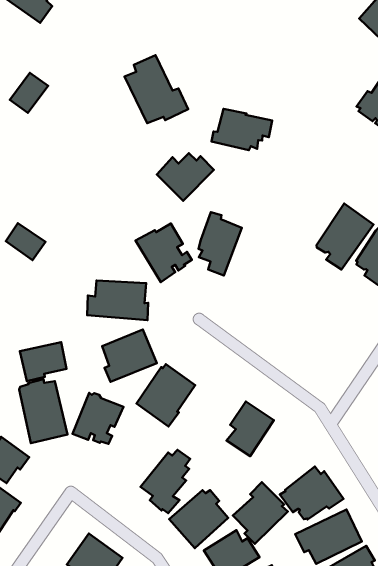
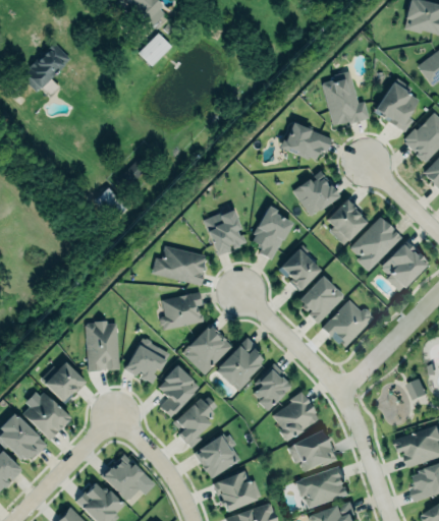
building: none -> [374,79,419,132]
building: [125,55,188,123] -> [322,70,370,125]
building: [10,73,48,113] -> [138,35,171,67]
building: [157,153,214,201] -> [293,178,341,217]
building: none -> [326,198,369,244]
building: none -> [277,249,320,292]
building: none -> [296,277,343,325]
building: none -> [322,301,374,350]
building: [20,342,66,381] -> none
building: none -> [217,336,263,391]
building: none -> [158,366,200,416]
building: [233,482,288,544] -> [273,392,319,442]

